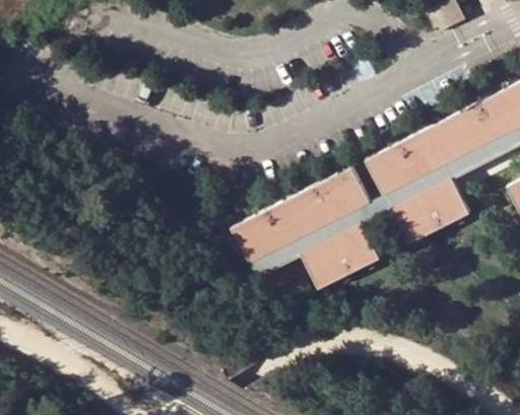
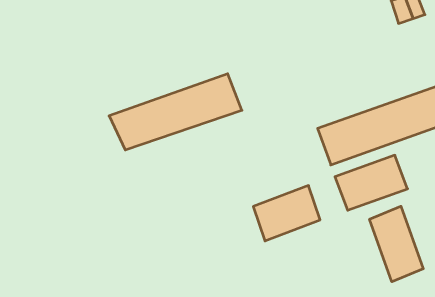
building: [229,167,372,264] -> [109,74,242,150]
building: none -> [370,206,423,282]

